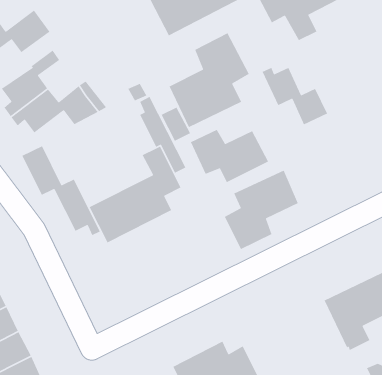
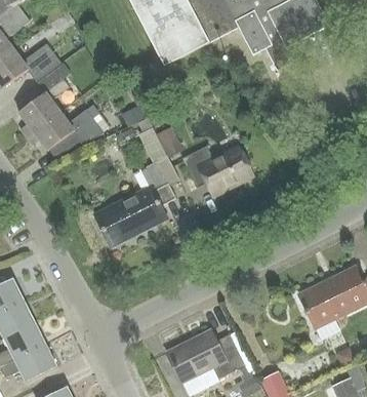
building: [169,32,250,128] -> none
building: [262,67,328,125] -> none
building: [21,145,101,236] -> none
building: [224,170,299,250] -> none

